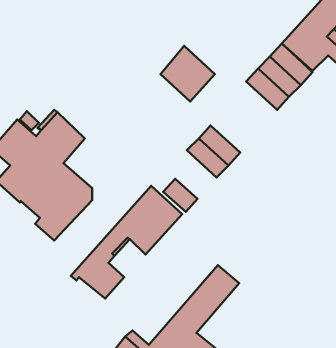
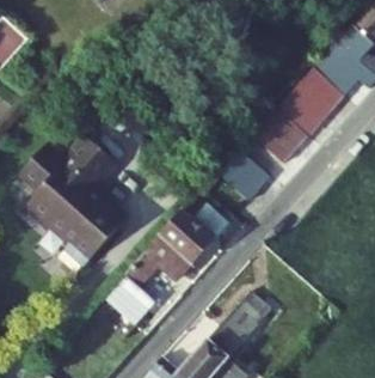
building: [160,46,215,101] -> [253,105,308,161]

